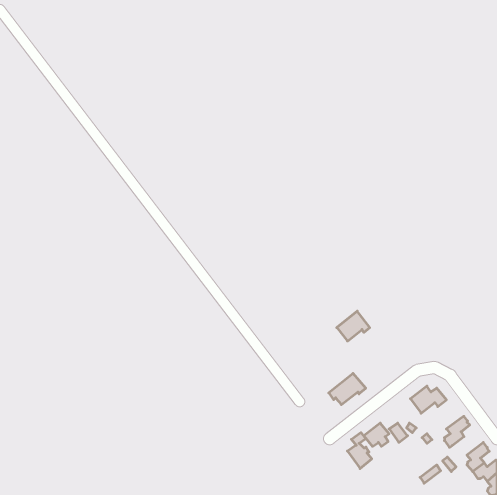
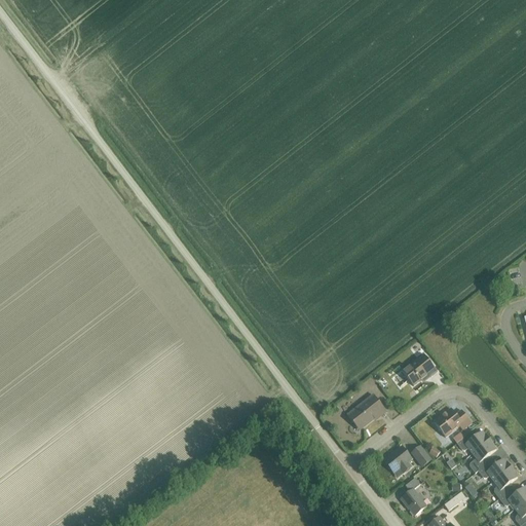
building: [337,311,370,341] -> [402,353,437,385]
building: none -> [456,430,490,453]
building: [347,433,372,469] -> [401,478,426,516]
building: none -> [478,458,511,481]

